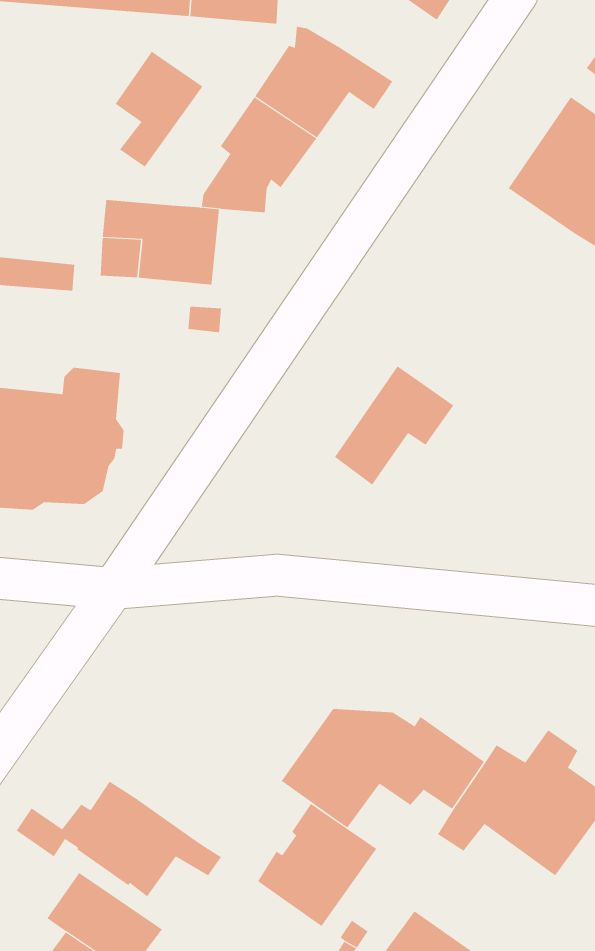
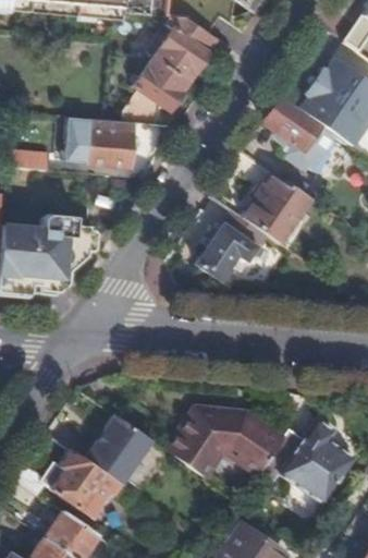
building: [115,51,203,168] -> none
building: none -> [263,98,336,172]
building: none -> [243,172,310,243]
building: [257,803,377,927] -> [86,415,155,486]

